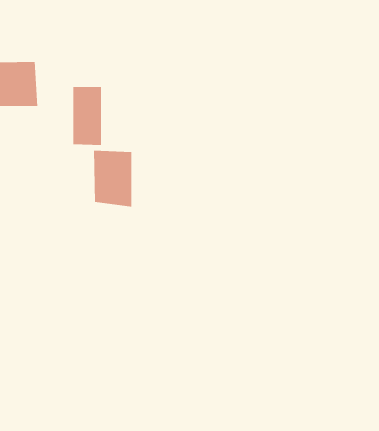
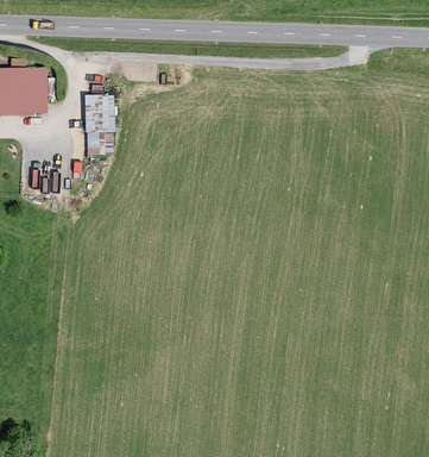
building: [93,150,132,207] -> none

